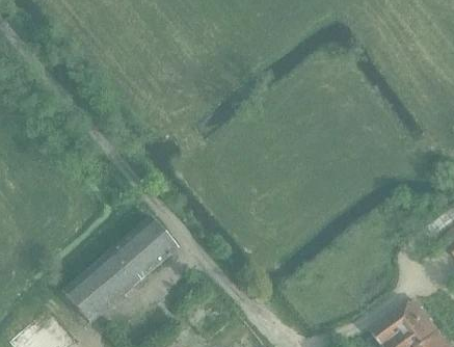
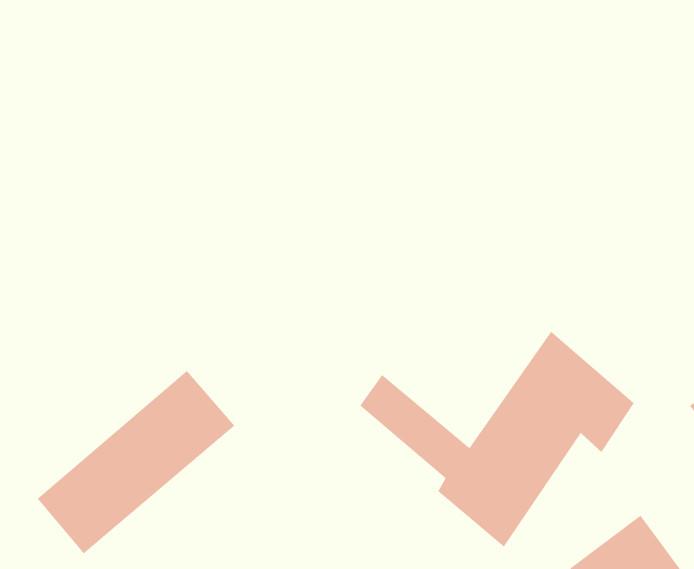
building: none -> [359,331,635,547]

